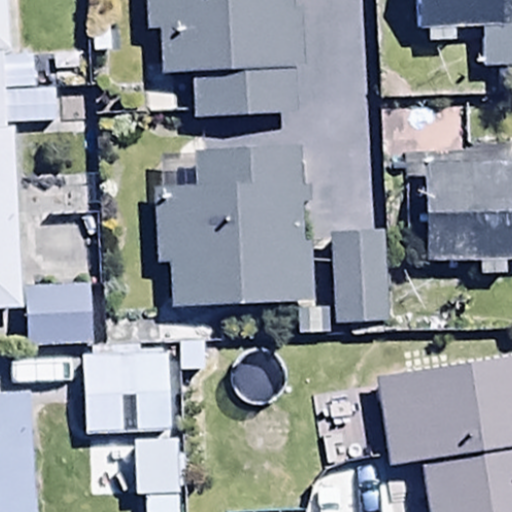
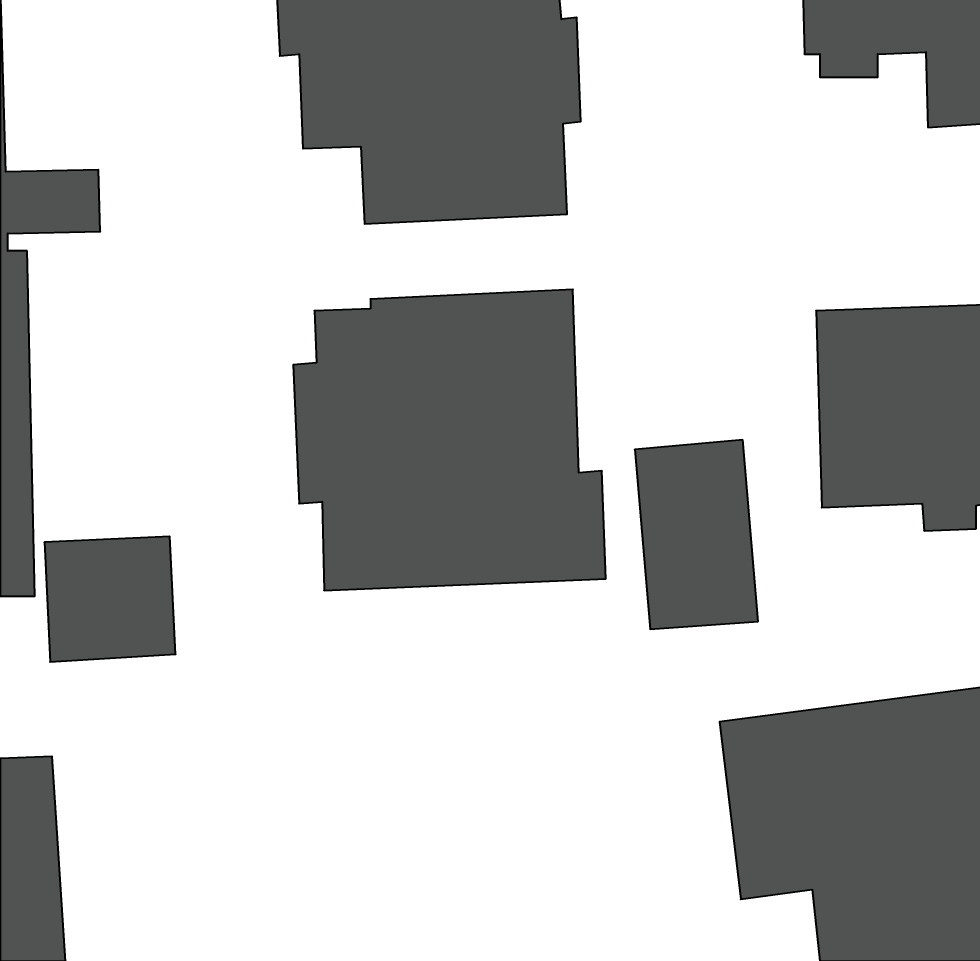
building: [80,347,179,469] -> none

